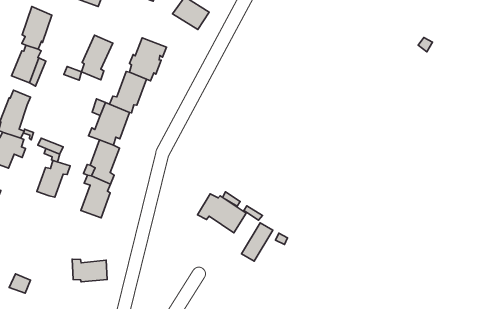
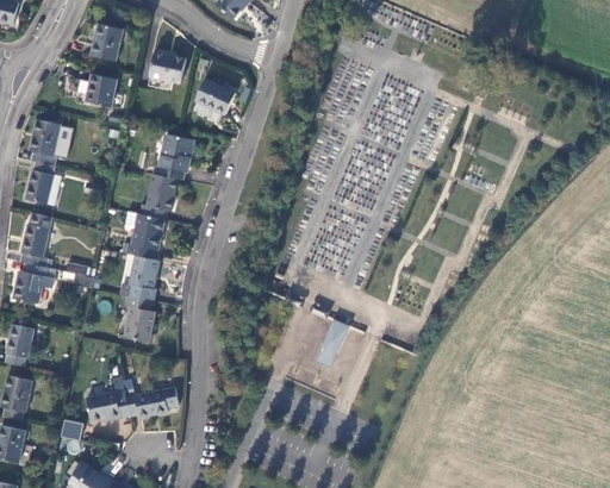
building: [81,35,113,80] -> none
building: [37,161,70,197] -> none
building: [198,194,246,233] -> none
building: none -> [88,376,131,420]

